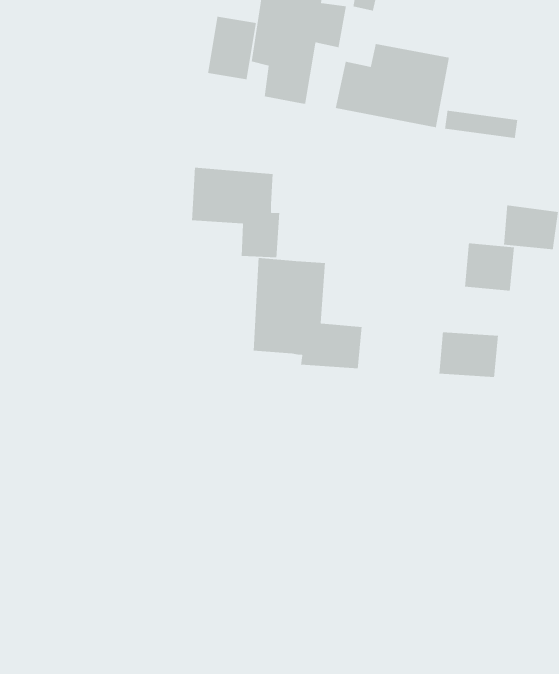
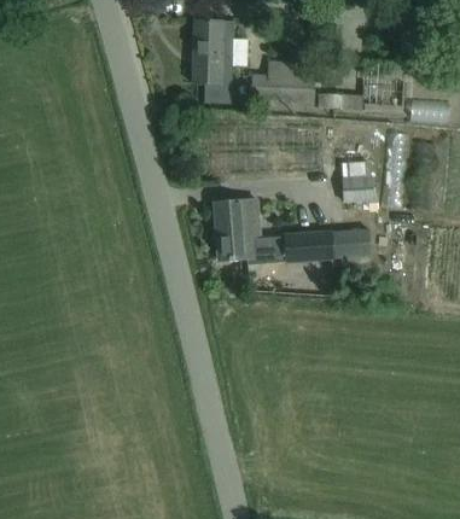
building: [207,16,257,80] -> none
building: [191,167,280,258] -> none
building: none -> [284,232,334,262]

